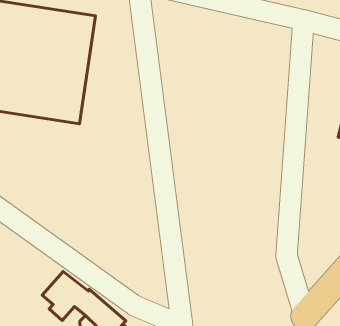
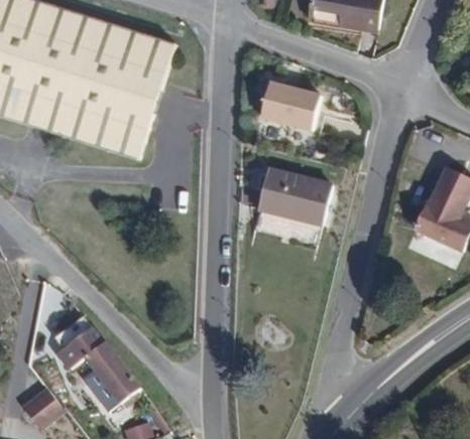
building: none -> [259,85,320,133]
building: none -> [257,173,331,229]

